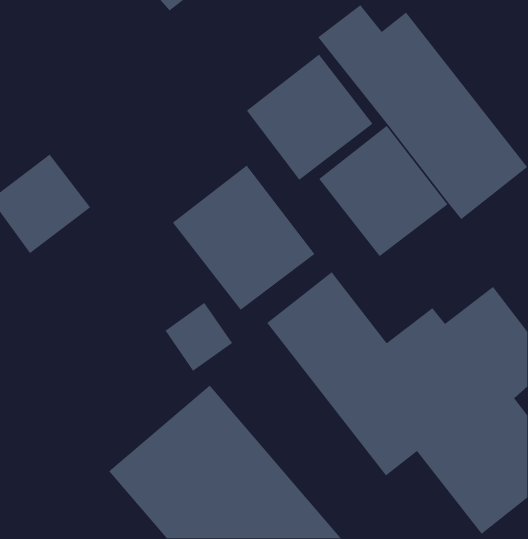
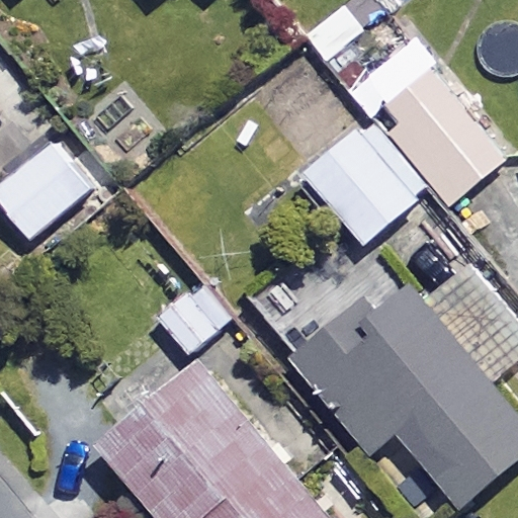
building: [246,54,374,181] -> none
building: [172,165,315,311] -> none

